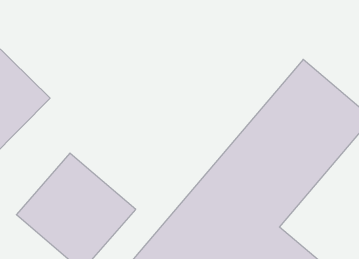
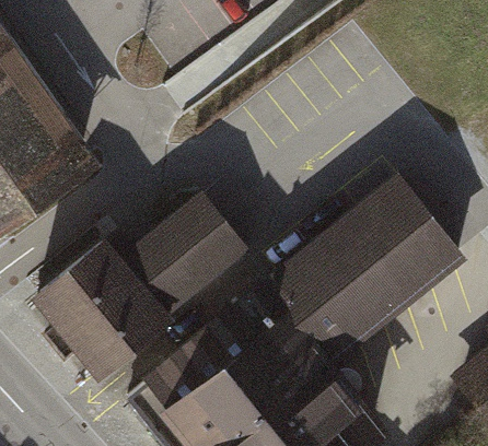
building: none -> [123,187,254,315]

